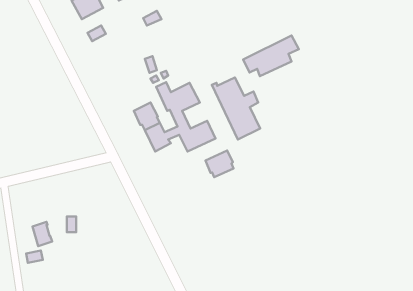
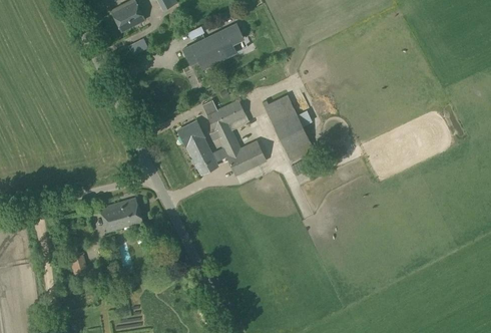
building: [243,35,299,76] -> [183,24,243,68]
building: [205,151,234,177] -> none
building: none -> [99,198,142,232]

